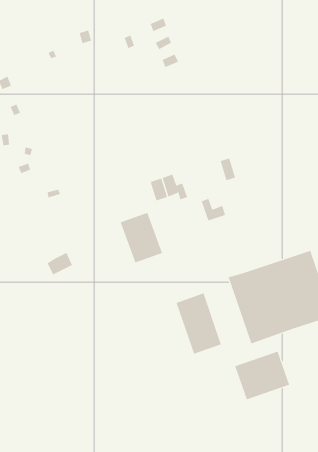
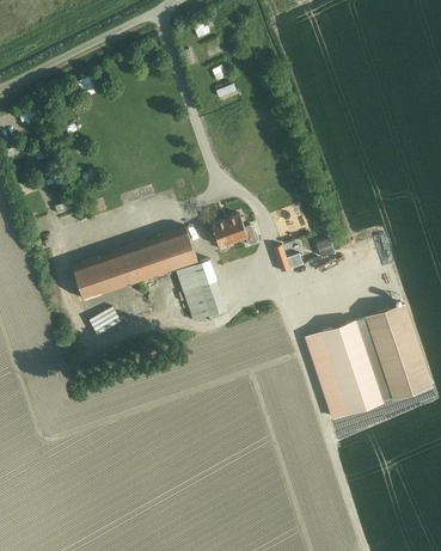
building: none -> [71,228,196,301]
building: [176,293,222,355] -> none
building: [235,351,290,400] -> none

